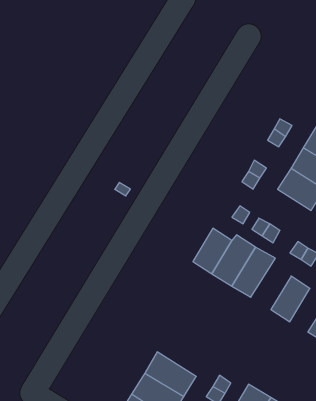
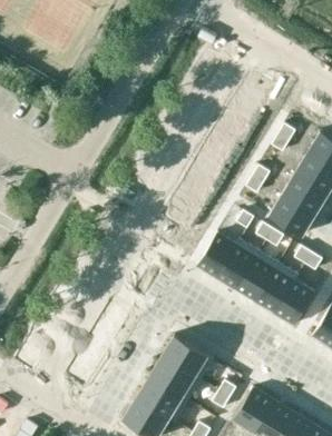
building: none -> [270,192,315,235]
building: none -> [255,261,300,313]
building: none -> [162,334,214,379]

